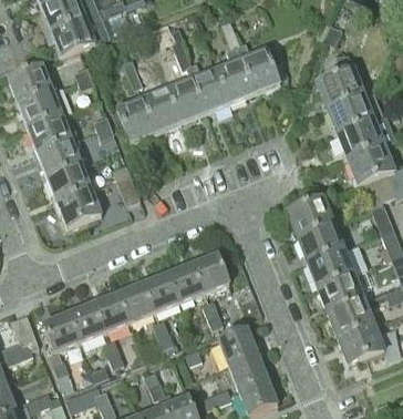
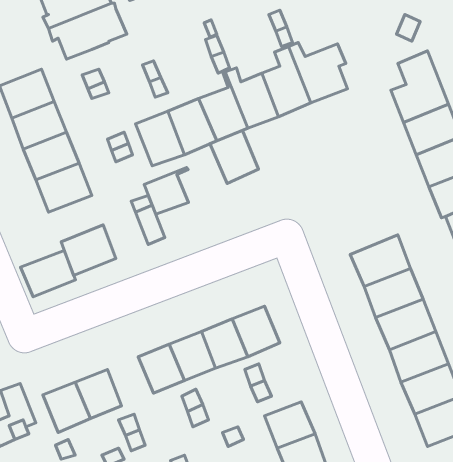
building: none -> [210,131,259,183]
building: none -> [144,168,188,214]
building: [48,165,91,202] -> [21,250,75,297]
building: [94,293,131,331] -> none

